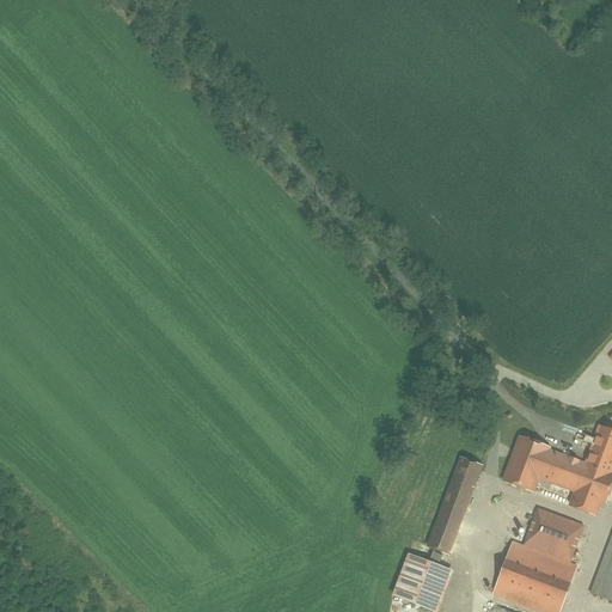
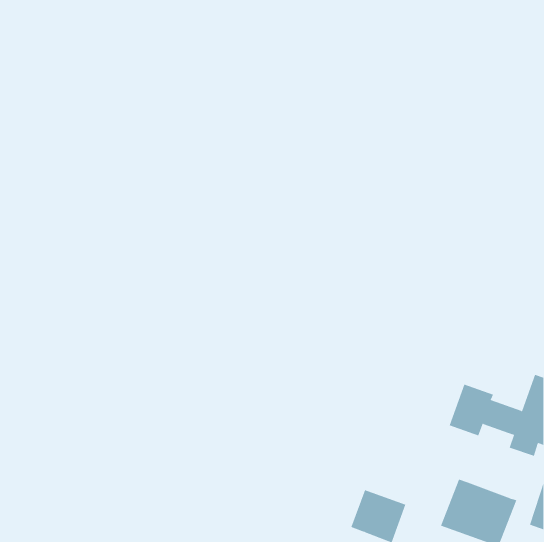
building: [427,459,478,551] -> none
building: [524,506,586,562] -> none

